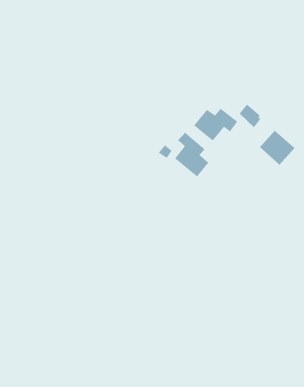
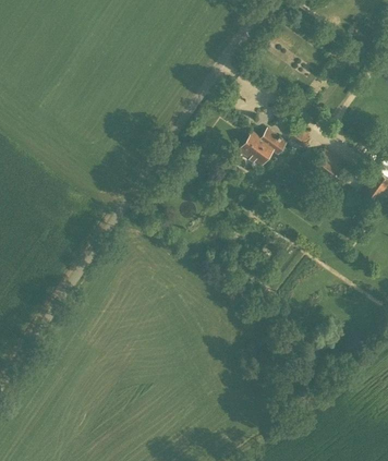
building: [174,132,209,178] -> none

